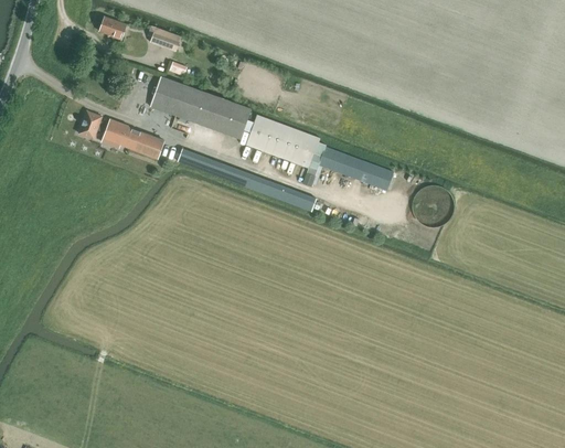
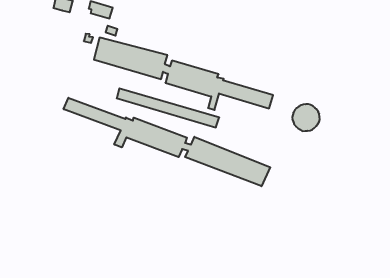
building: [78,110,164,158] -> none
building: none -> [64,98,270,186]

